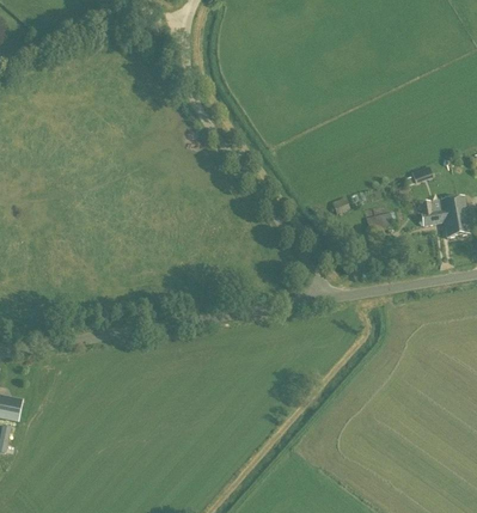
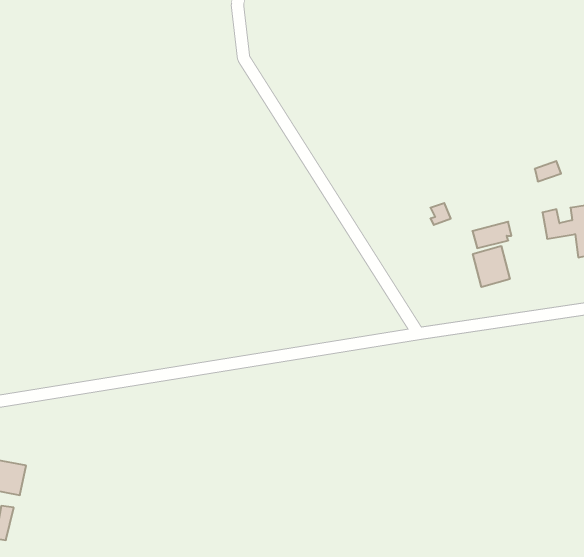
building: none -> [473,246,510,287]

